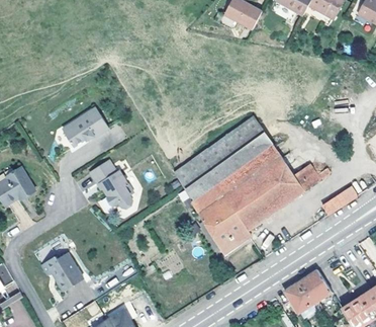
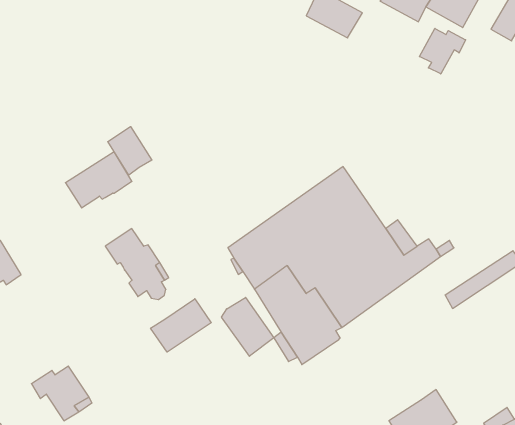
building: none -> [419,28,466,74]
building: none -> [108,127,152,175]
building: none -> [222,297,274,356]
building: none -> [151,299,211,352]

